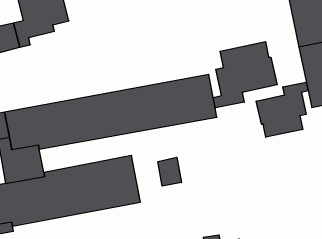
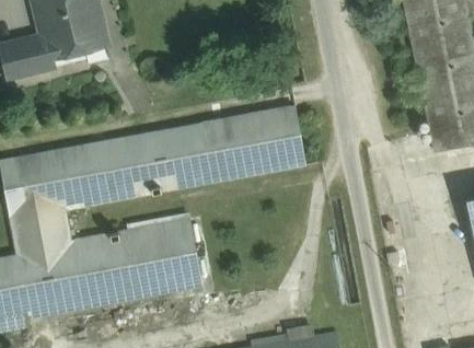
building: [213,42,277,108] -> none
building: [256,82,308,137] -> none
building: [158,157,181,186] -> none

